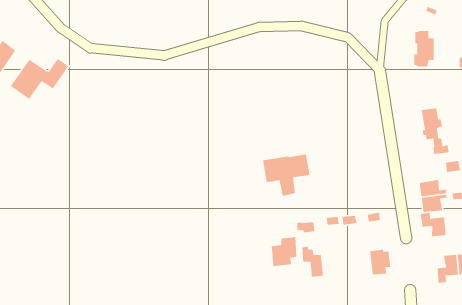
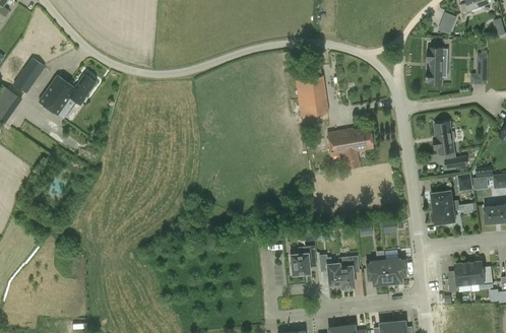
building: none -> [295,75,328,117]
building: [262,153,311,197] -> [326,127,373,169]
building: [420,212,447,237] -> none
building: none -> [338,256,359,288]
building: none -> [366,260,387,285]

